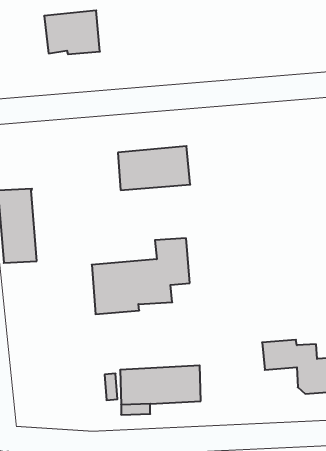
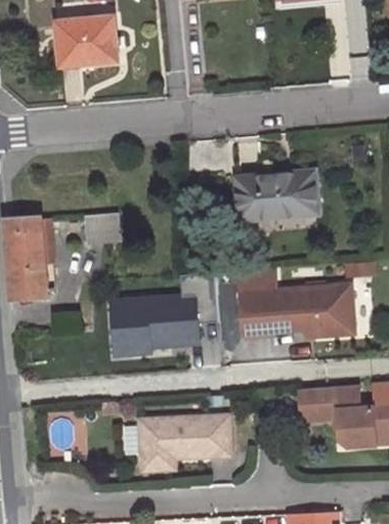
building: [118,146,190,190] -> [237,170,318,219]
building: none -> [85,214,121,245]
building: none -> [240,285,355,336]

